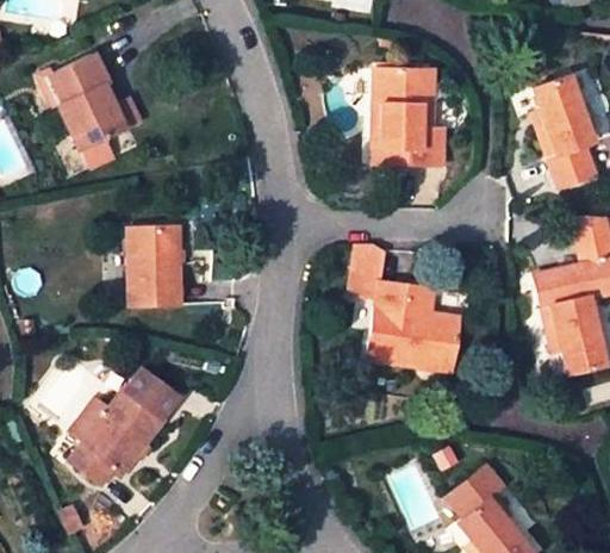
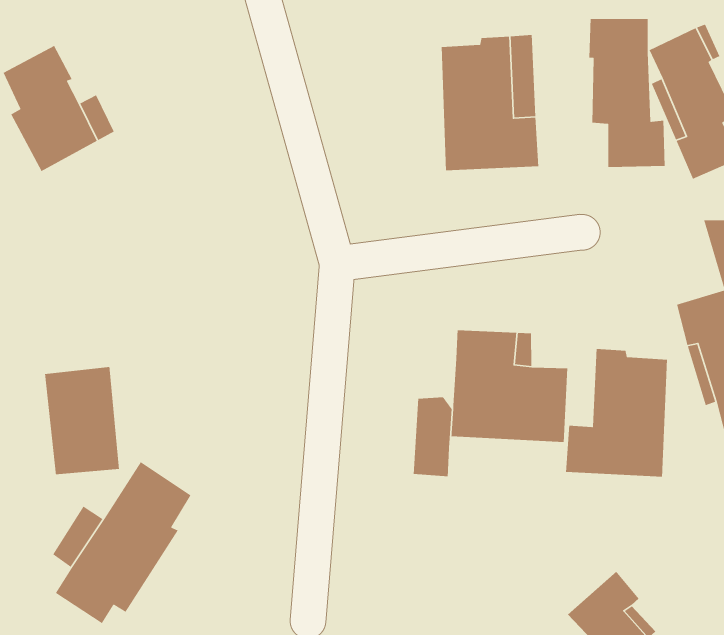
building: none -> [589,18,666,168]
building: [136,223,187,300] -> [44,366,120,475]
building: [348,246,380,305] -> [413,396,452,477]
building: none -> [565,348,668,477]

